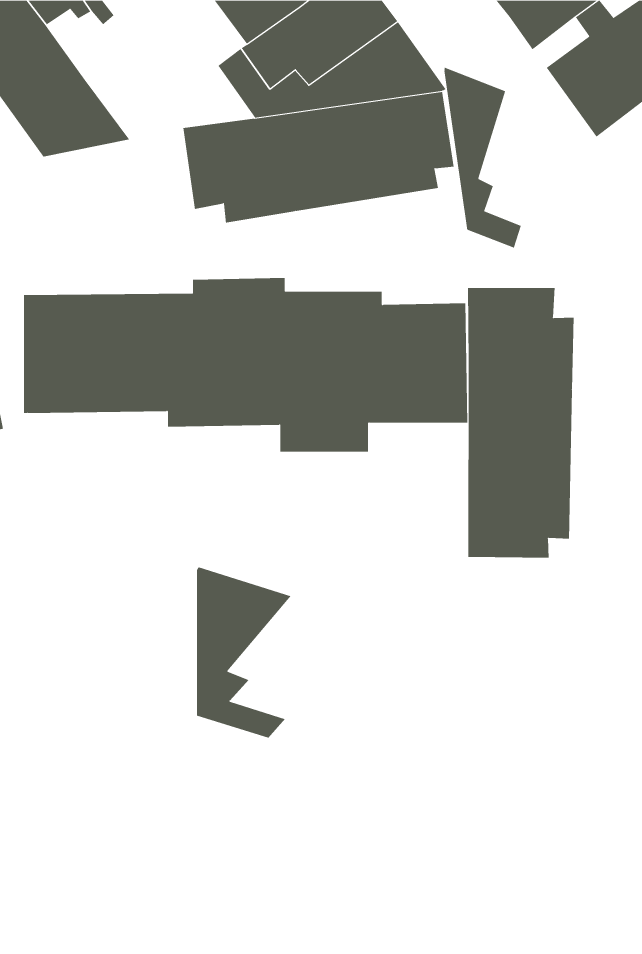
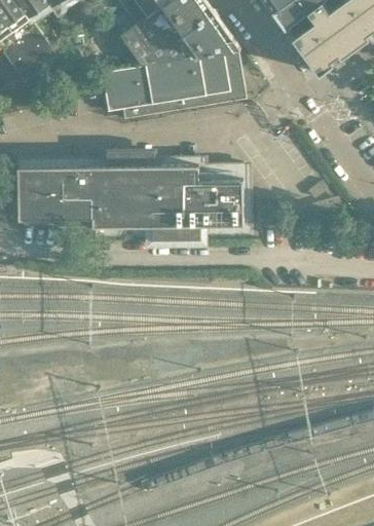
building: [444,67,522,248] -> none
building: [468,287,574,558] -> none
building: [197,566,291,739] -> none

